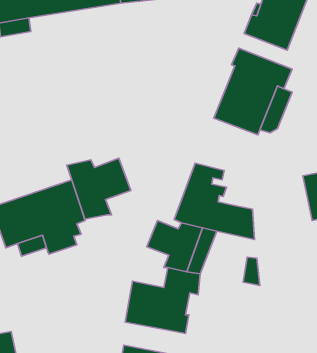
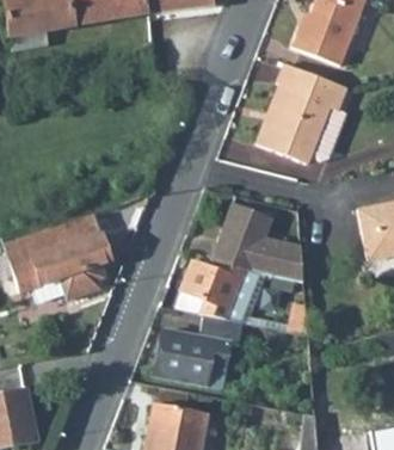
building: [67,158,131,219] -> none

